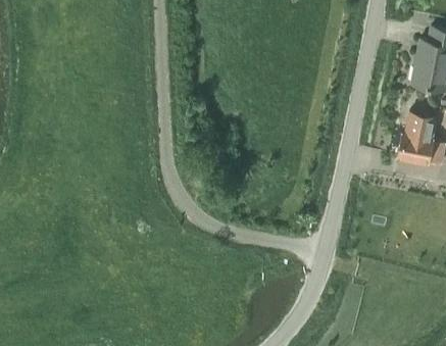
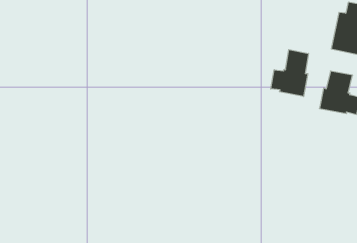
building: none -> [271,50,308,97]

